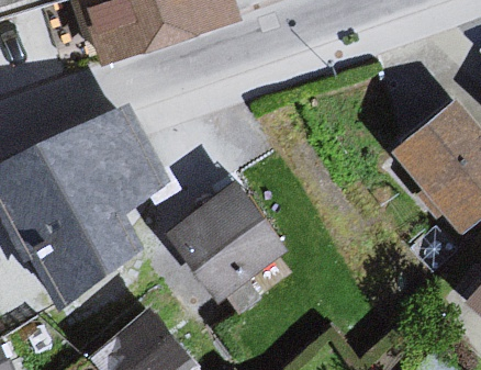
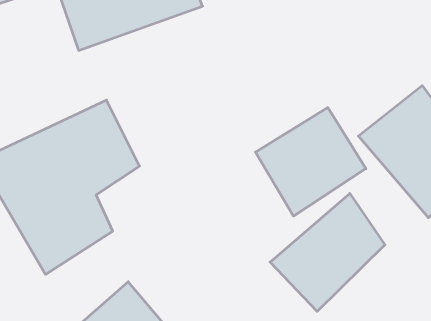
building: [171,189,289,304] -> [255,108,366,216]
building: none -> [270,193,385,311]

